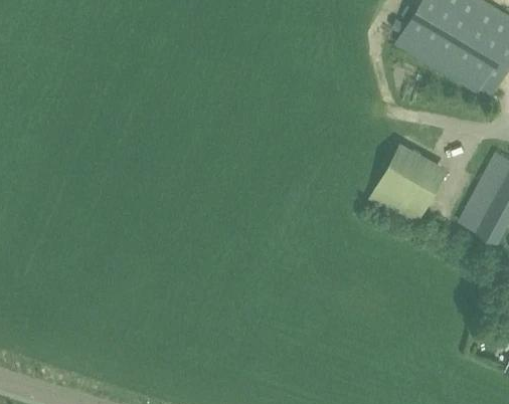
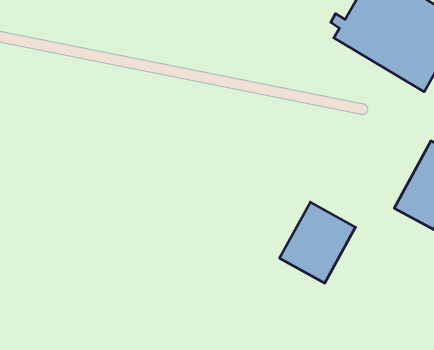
building: [368,140,448,224] -> [280,202,356,283]

